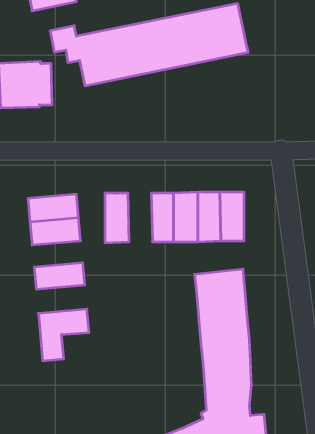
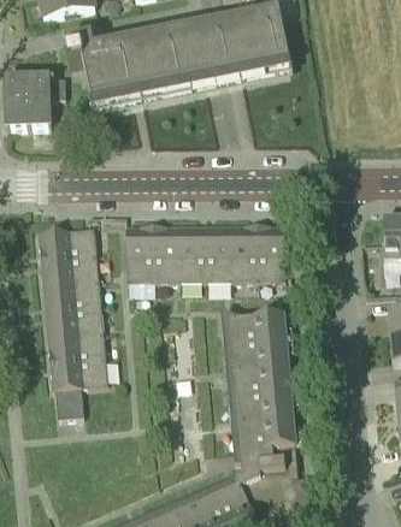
building: none -> [152,224,179,279]
building: none -> [42,278,100,308]
building: none -> [47,328,105,361]

